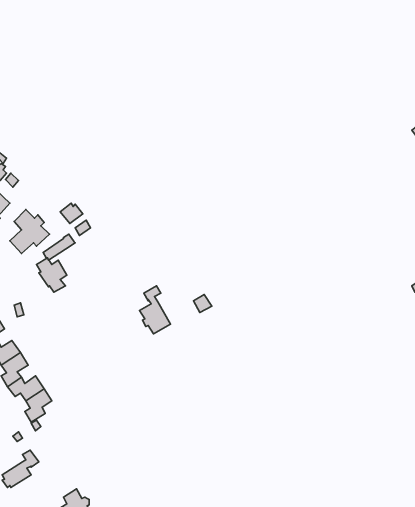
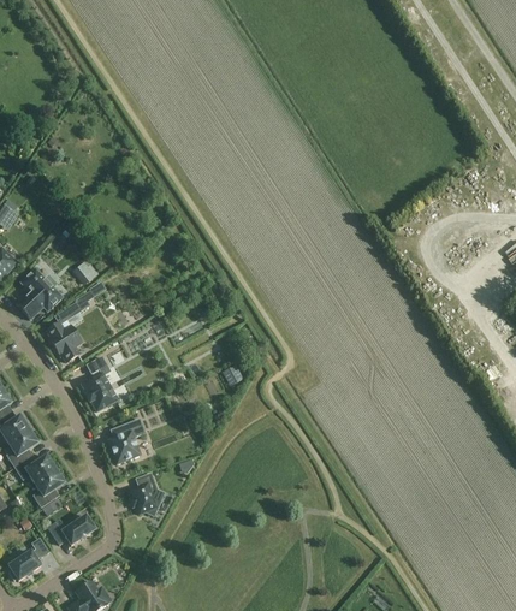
building: [139,286,171,334] -> [82,356,117,410]
building: none -> [107,417,144,463]
building: none -> [130,473,164,515]
building: none -> [48,509,95,545]

